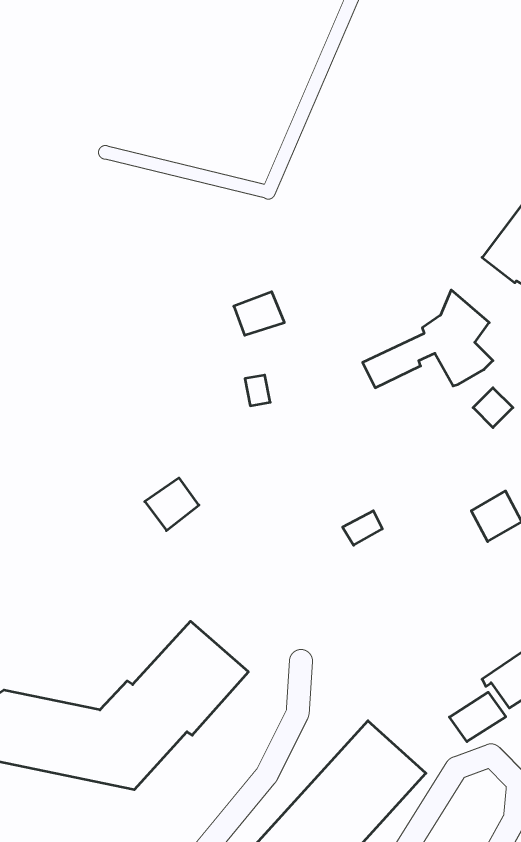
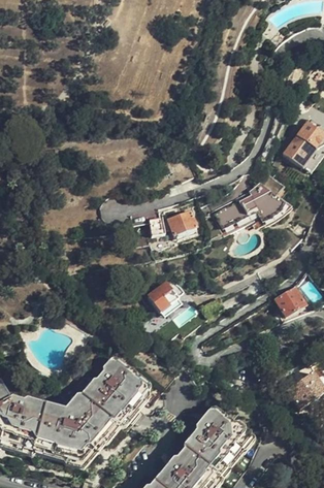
building: [234,292,284,335] -> [167,208,196,233]
building: [145,478,199,531] -> [147,280,177,310]
building: [449,692,506,742] -> none

